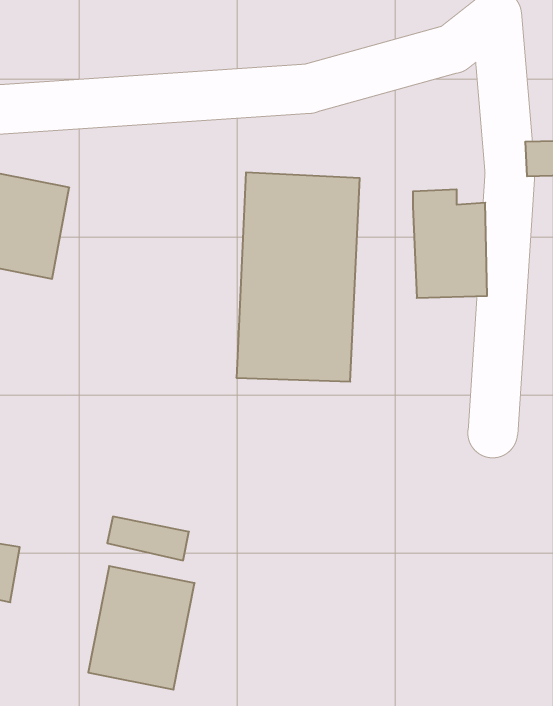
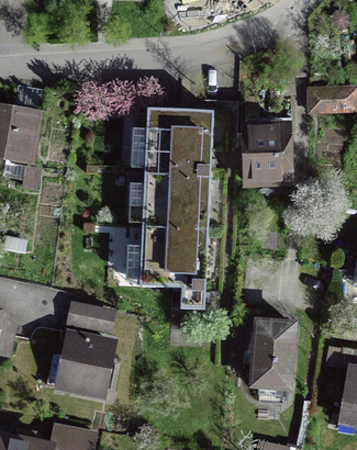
building: none -> [136,221,205,303]
building: none -> [252,316,301,392]

